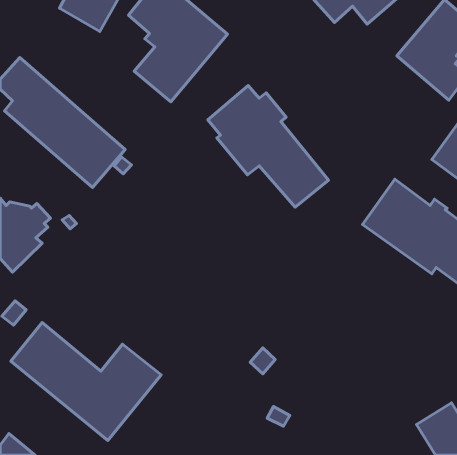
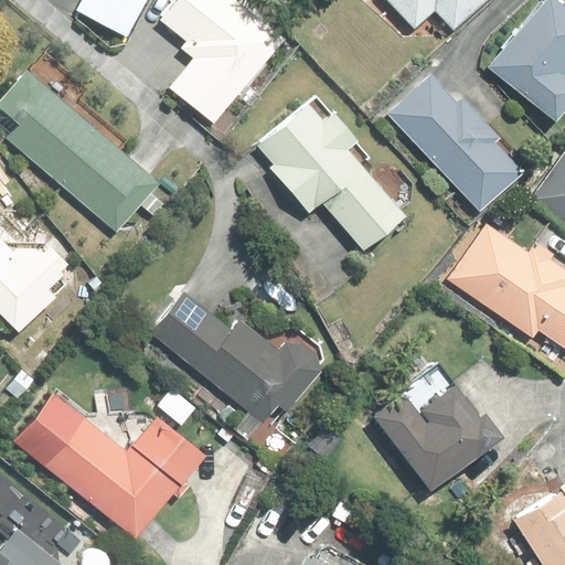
building: none -> [387,74,521,211]
building: none -> [152,292,319,422]
building: none -> [373,364,500,492]

